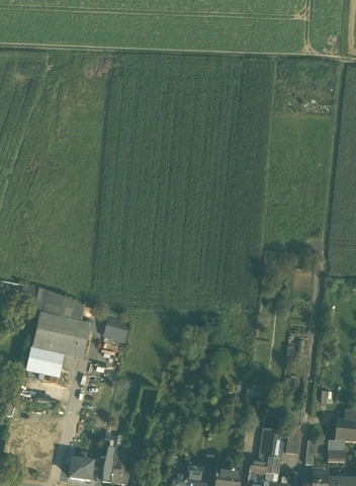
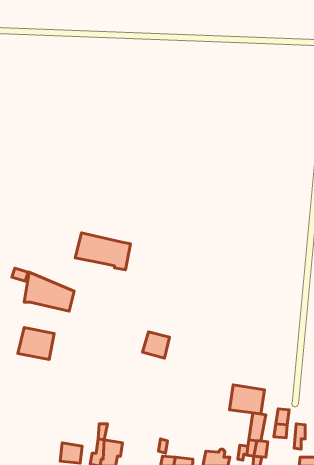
building: [102,316,129,342] -> [142,332,169,358]
building: [33,317,89,354] -> [75,233,131,270]
building: none -> [229,385,264,414]

